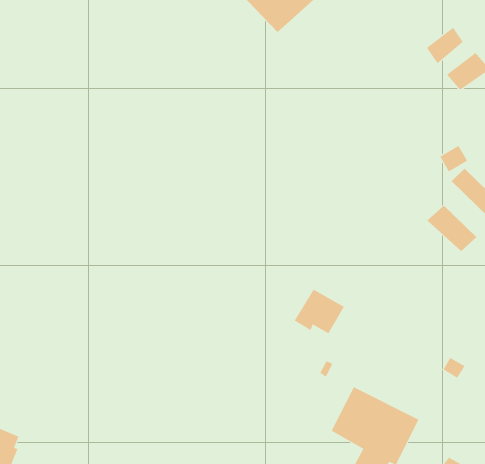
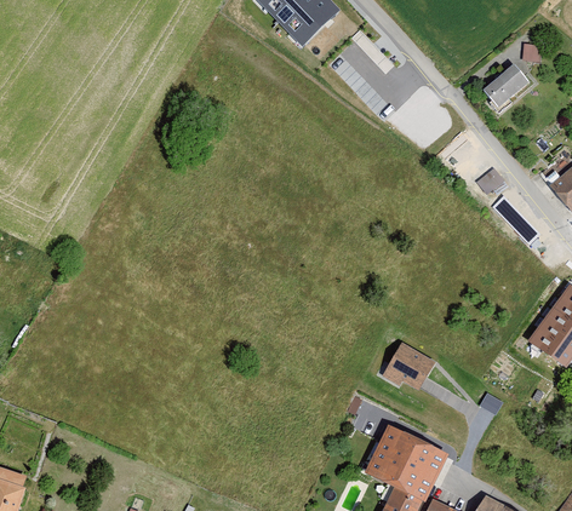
building: [426,27,464,64] -> none
building: [426,205,477,252] -> none
building: [294,289,345,334] -> [381,340,435,389]

